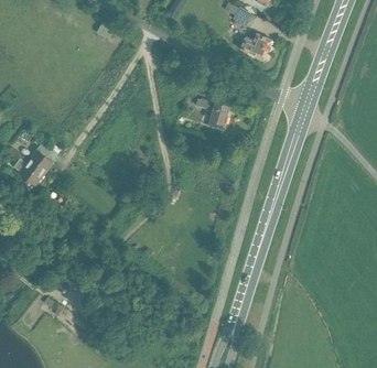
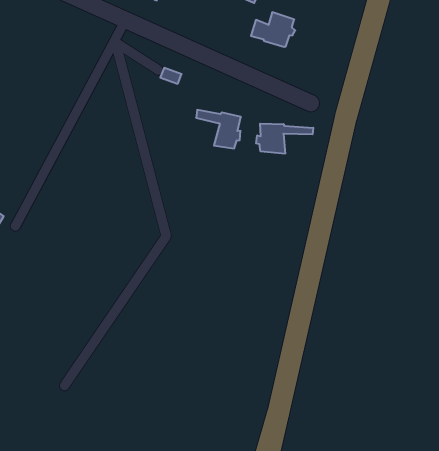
building: none -> [256,124,313,154]

